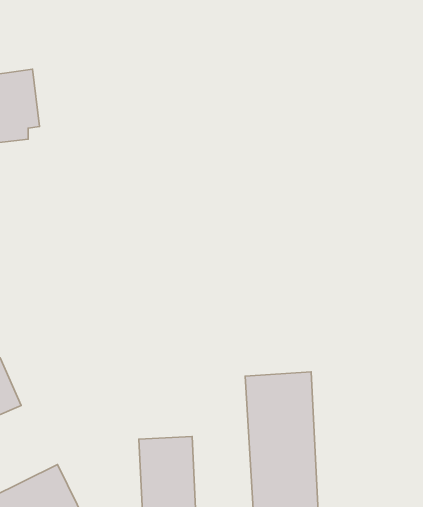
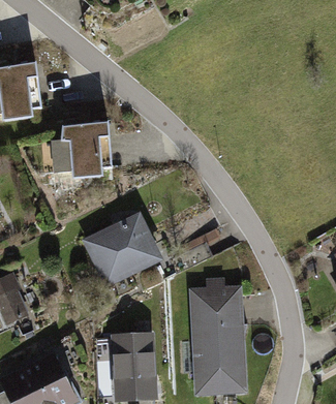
building: none -> [50,124,111,178]
building: none -> [87,216,159,283]

